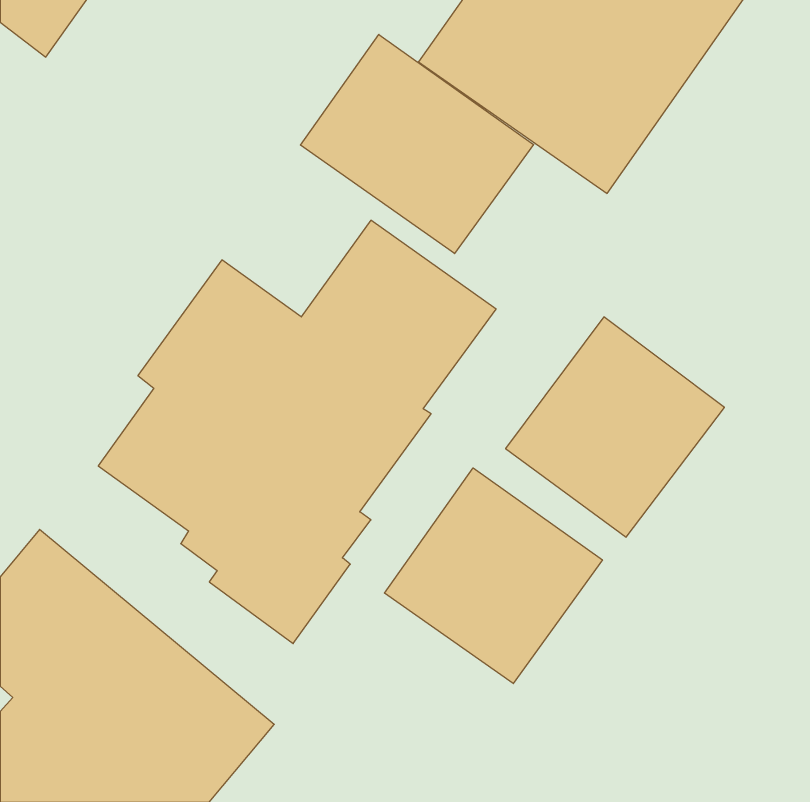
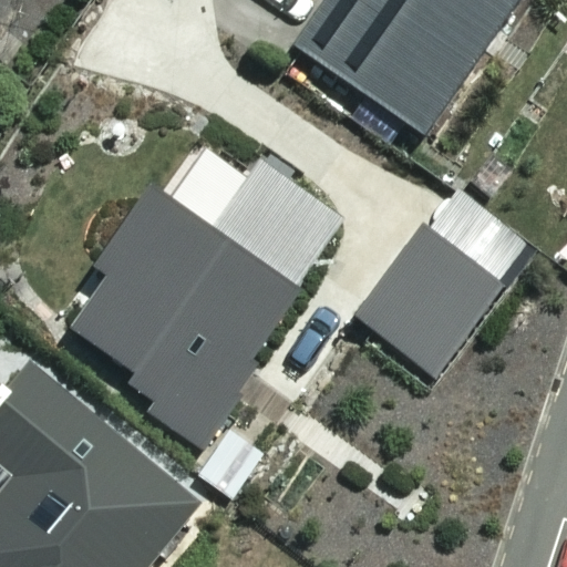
building: [300,34,534,254] -> none
building: [384,468,602,684] -> none

